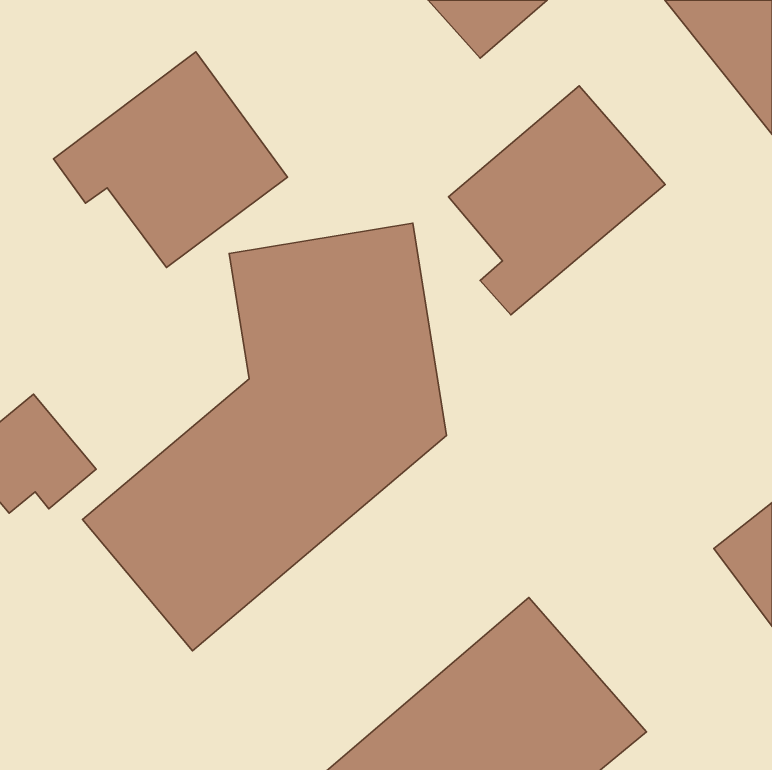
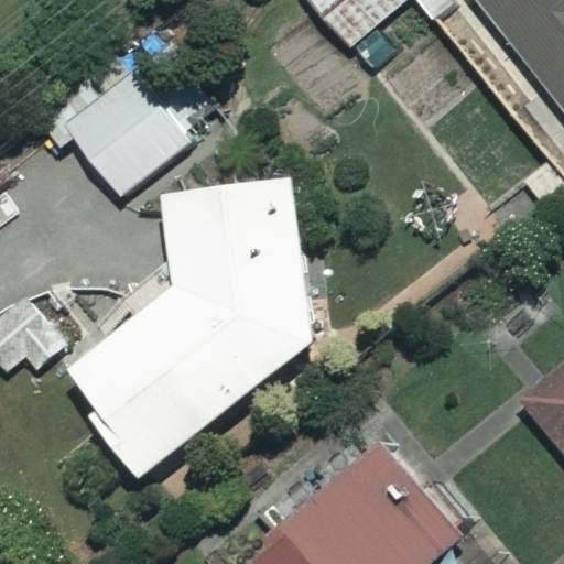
building: [449,86,665,315] -> none

